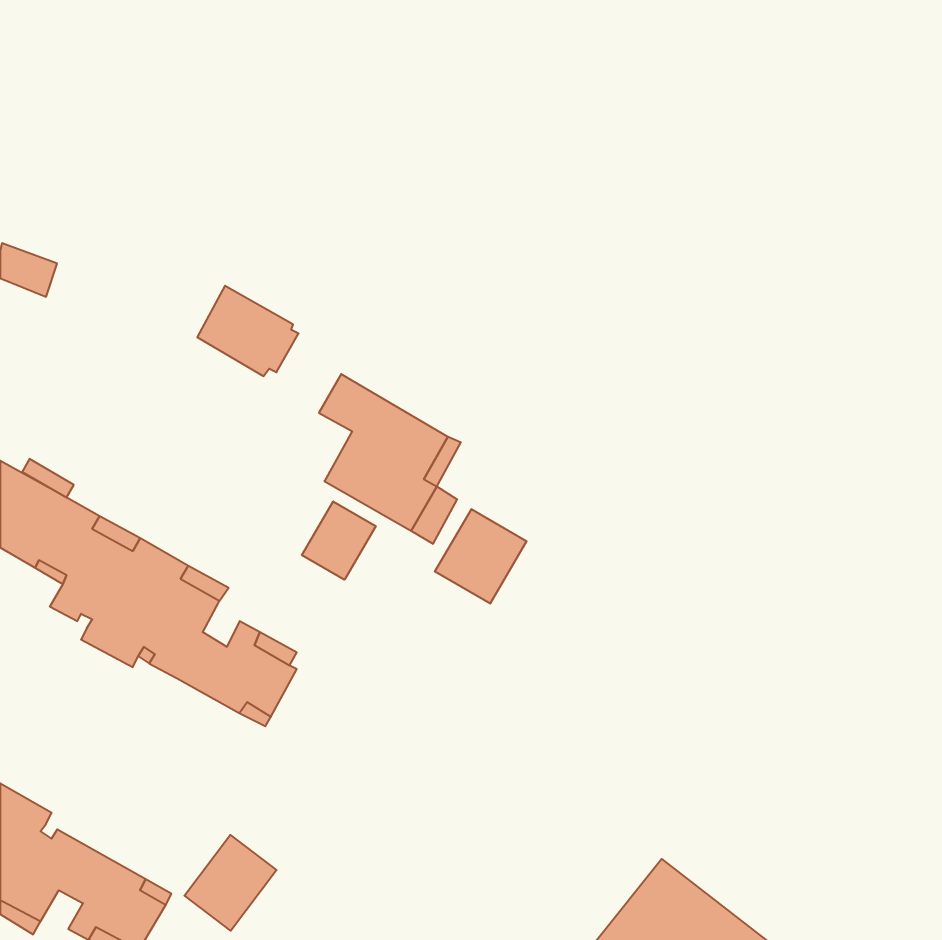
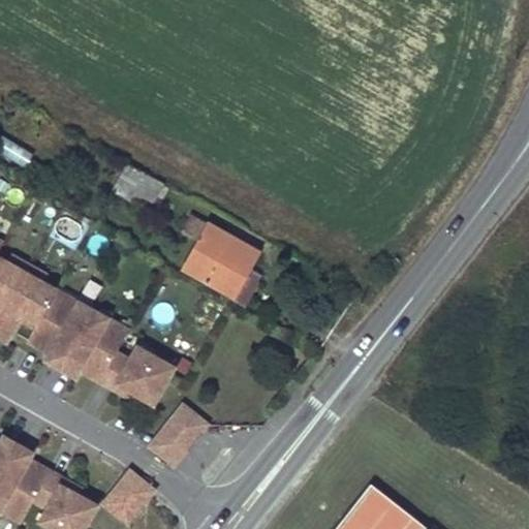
building: [302,501,376,580] -> none
building: [435,509,527,604] -> none
building: none -> [149,402,210,465]

